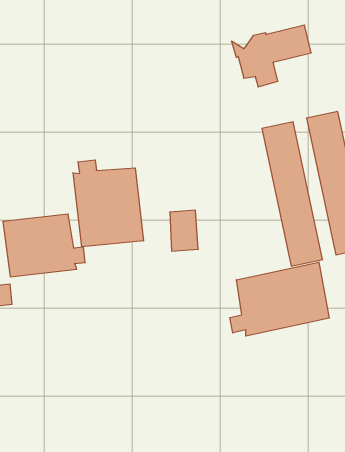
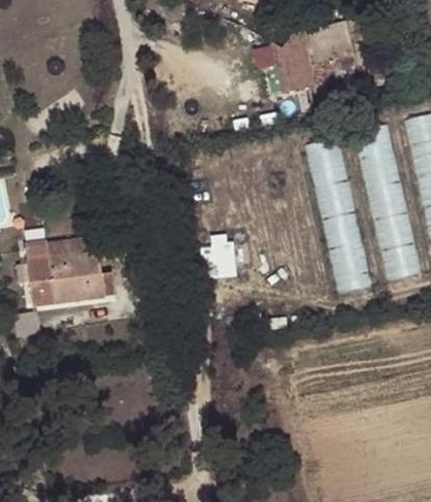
building: [73,160,144,247] -> none
building: [230,262,329,336] -> none

